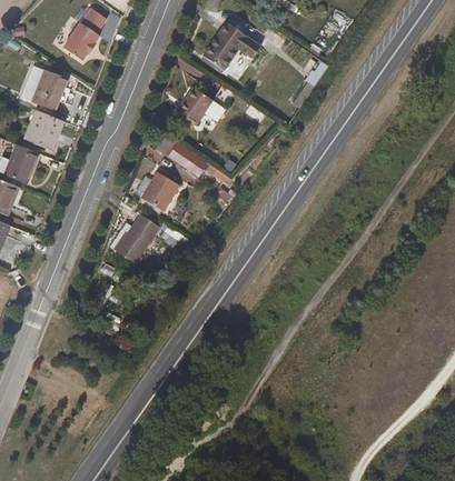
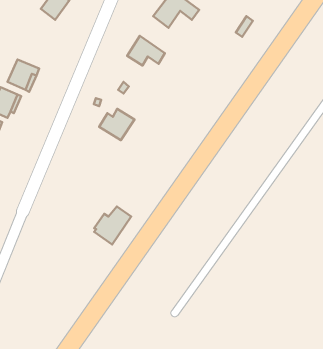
building: [31,69,66,108] -> none
building: [170,143,234,189] -> none
building: [116,217,161,263] -> [94,207,131,244]

